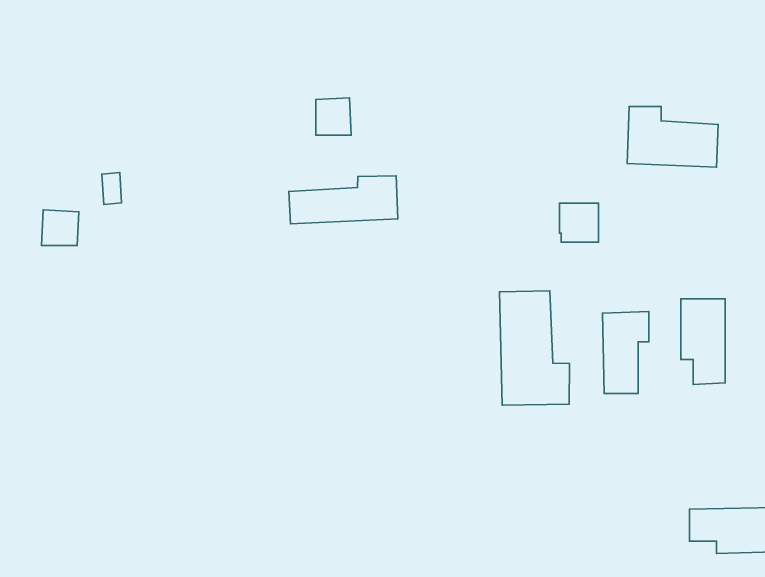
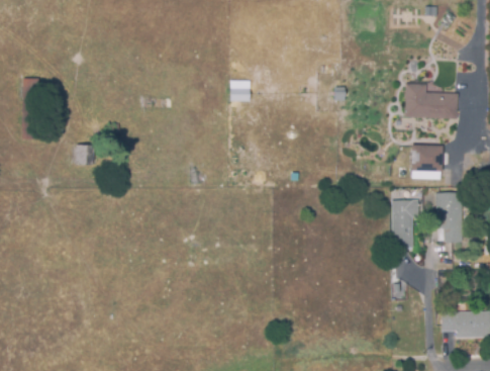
building: [289,176,398,224] -> none
building: [559,203,599,242] -> [412,153,434,175]
building: [500,291,570,405] -> none

